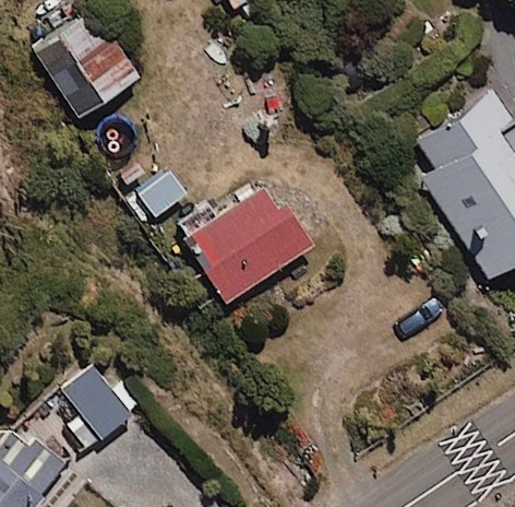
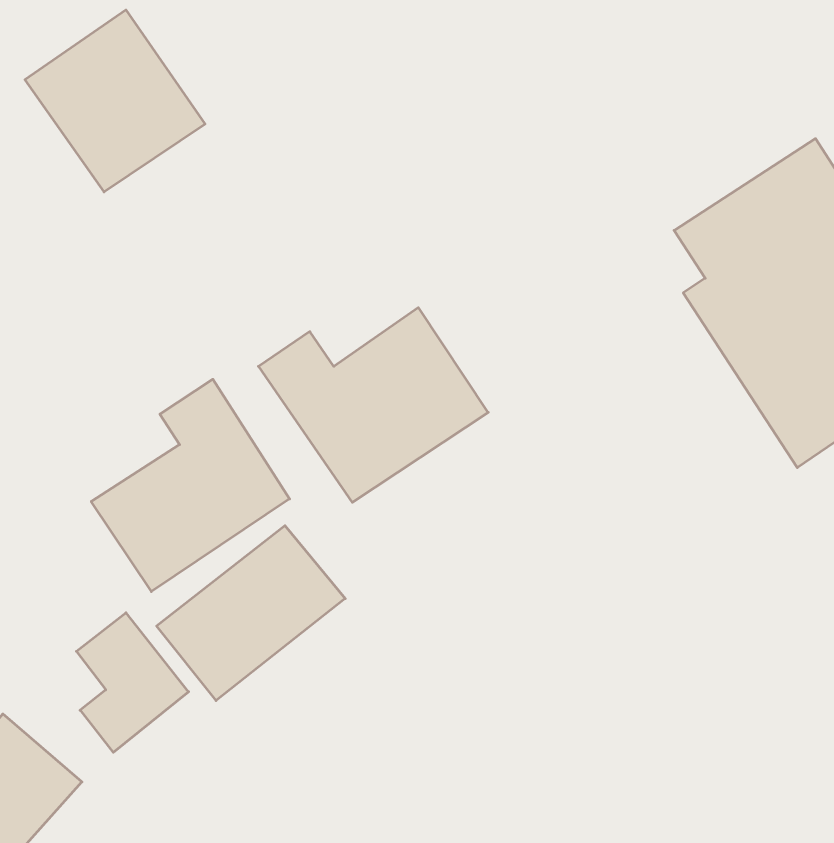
building: none -> [91,379,290,592]
building: none -> [157,526,345,701]

